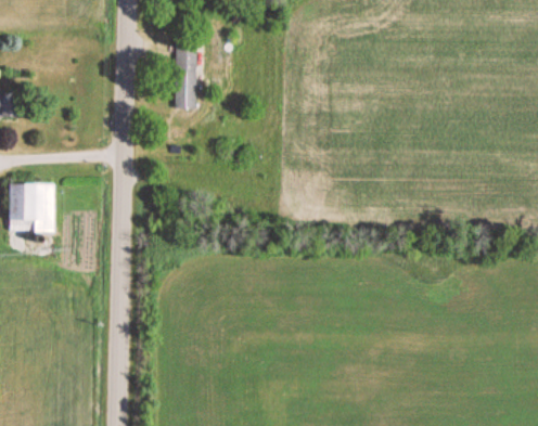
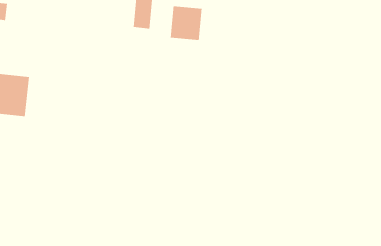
building: none -> [170,5,202,41]

